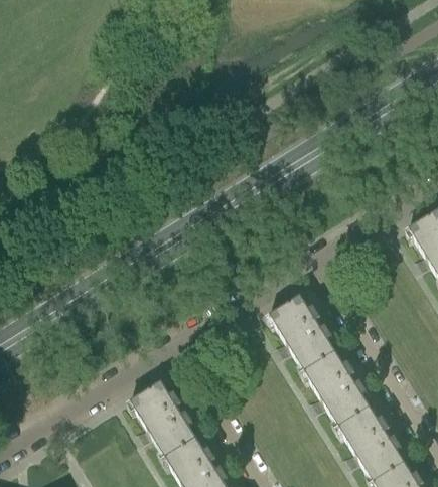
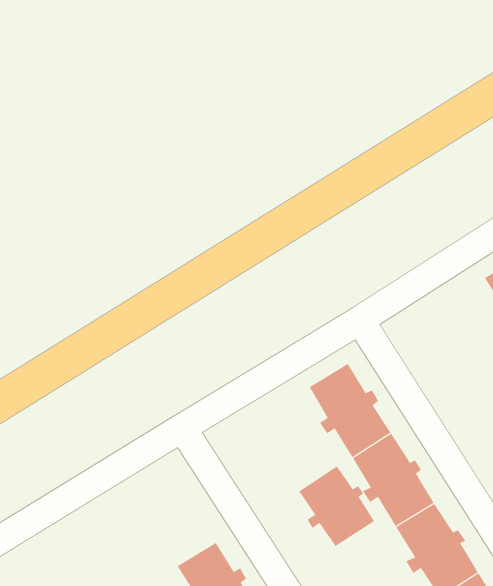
building: none -> [298,465,375,547]
building: [131,382,197,459] -> none

